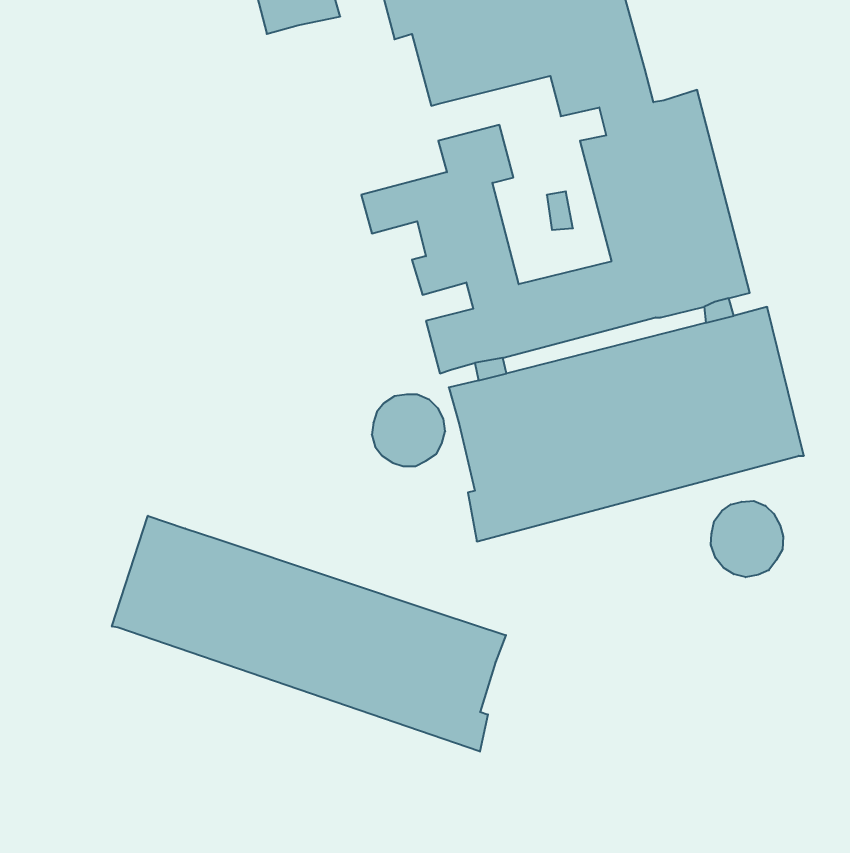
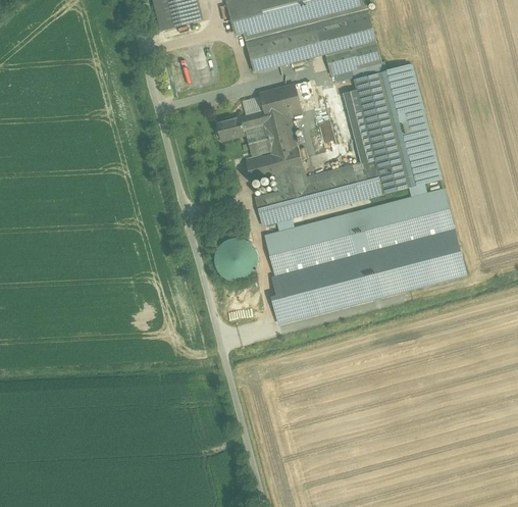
building: [711,501,783,577] -> none
building: [112,516,506,752] -> none

